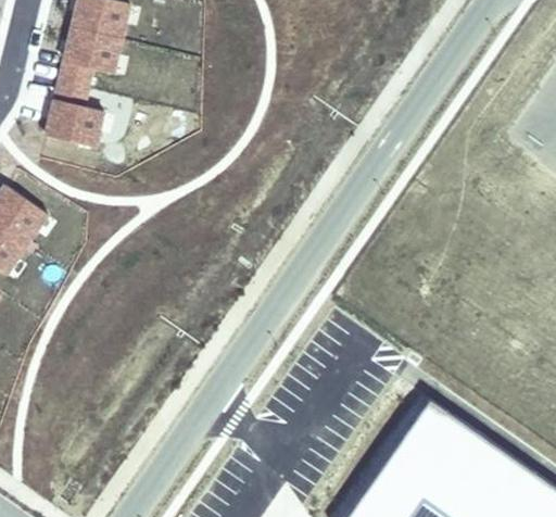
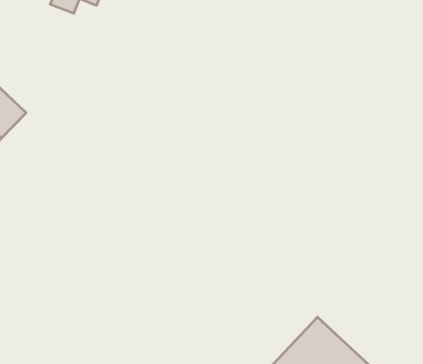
building: [46,83,104,150] -> none

